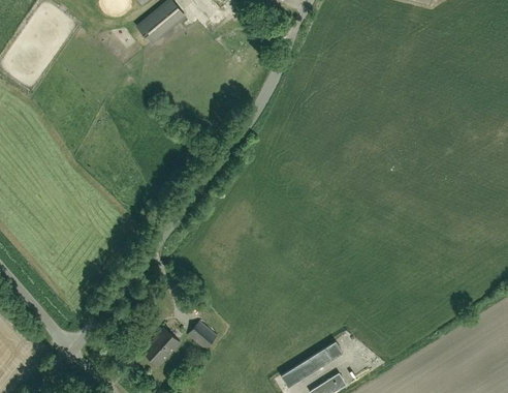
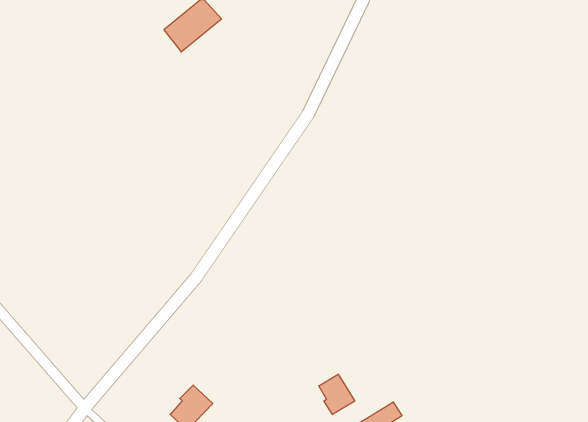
building: [186,320,216,350] -> none
building: none -> [319,374,355,415]

